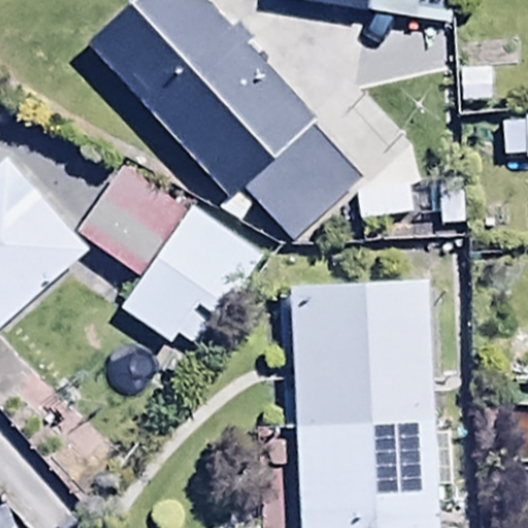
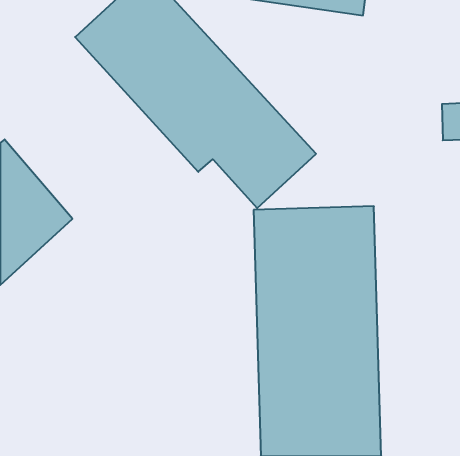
building: [77,168,264,343] -> none

